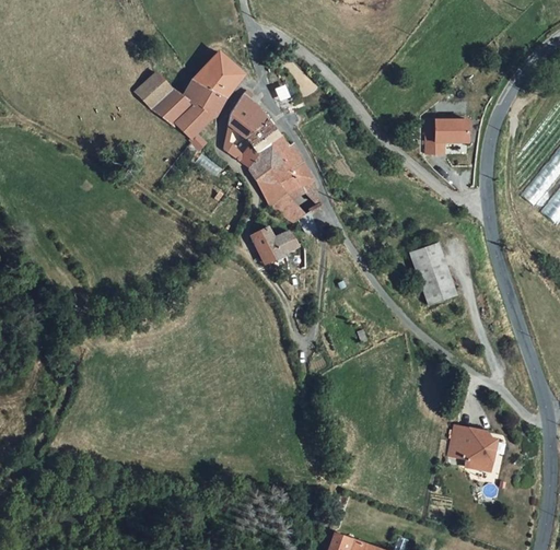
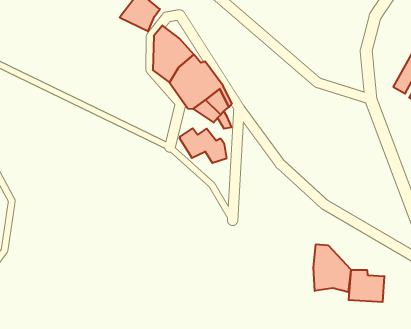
building: [139,74,225,149] -> none
building: [418,119,463,155] -> none
building: [410,243,459,307] -> none
building: none -> [314,244,351,292]

